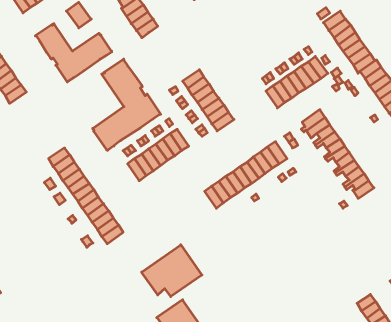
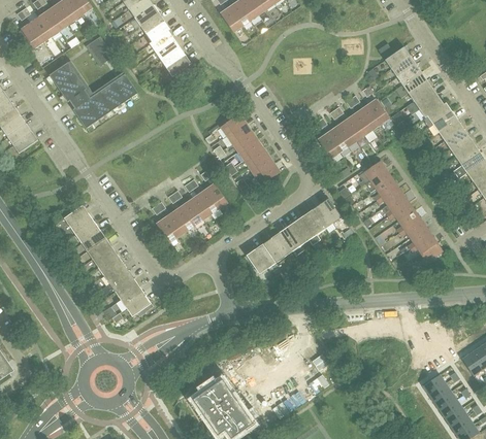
building: [93,59,161,150] -> none
building: [142,245,202,297] -> none

